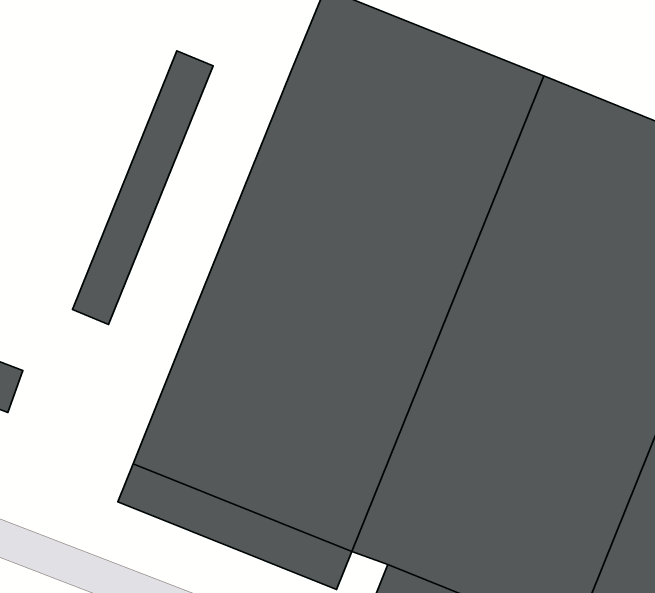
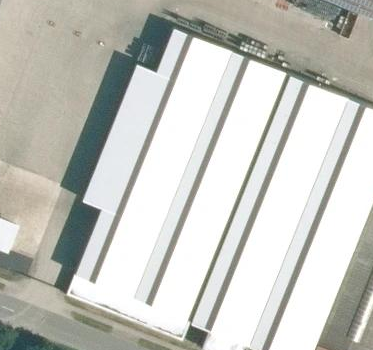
building: [72,51,213,325] -> [83,63,157,207]

